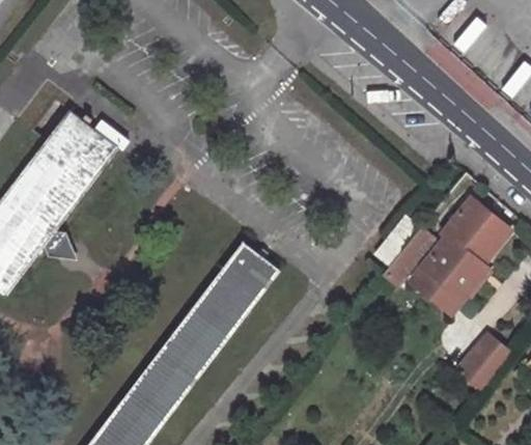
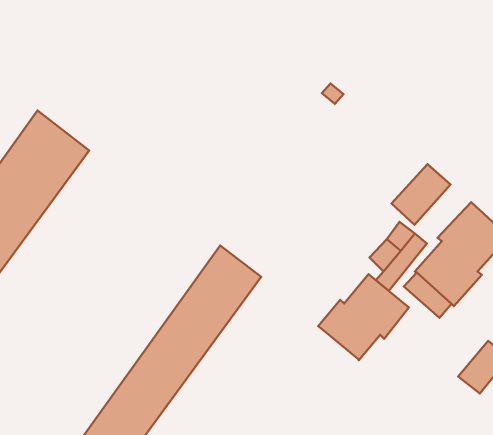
building: none -> [392,164,450,225]
building: none -> [318,274,409,360]

